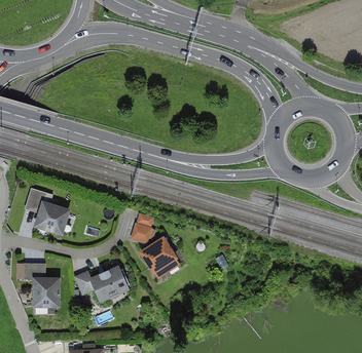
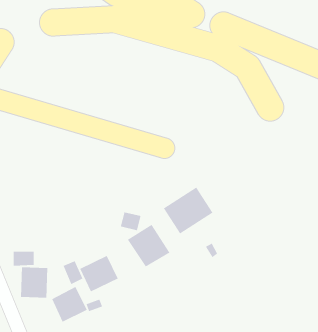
building: none -> [163,187,213,234]
building: [32,199,70,233] -> none
building: none -> [51,286,88,323]

